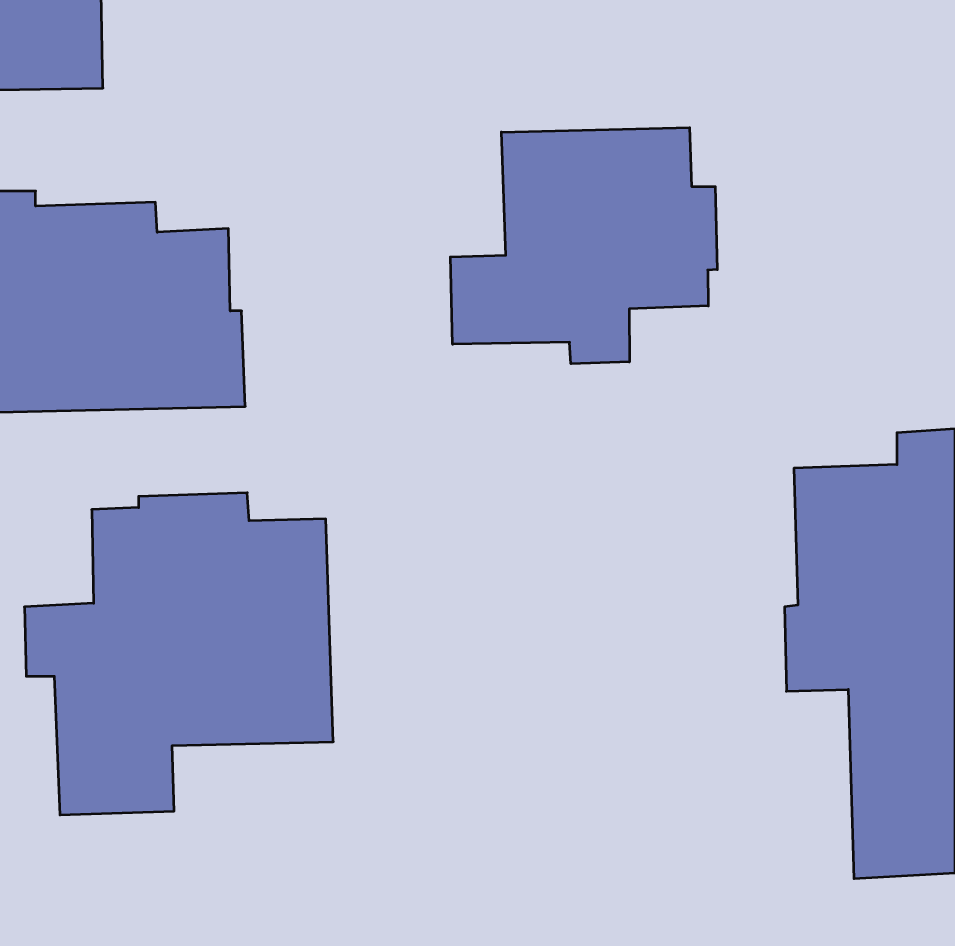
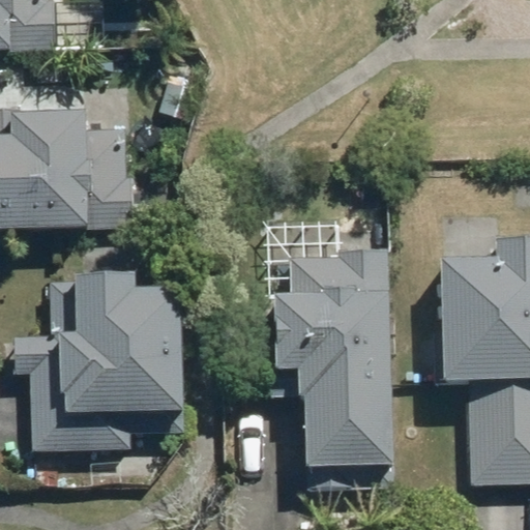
building: [450,128,717,364] -> none
building: none -> [275,248,394,467]

